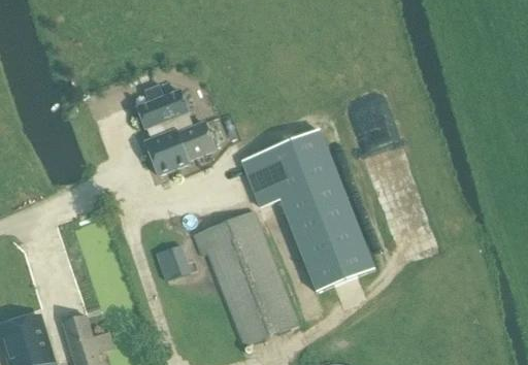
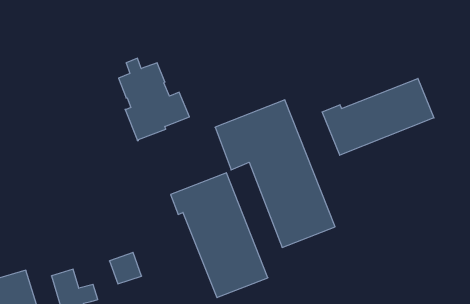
building: none -> [322,78,434,155]
building: [155,244,190,278] -> [109,252,142,284]

